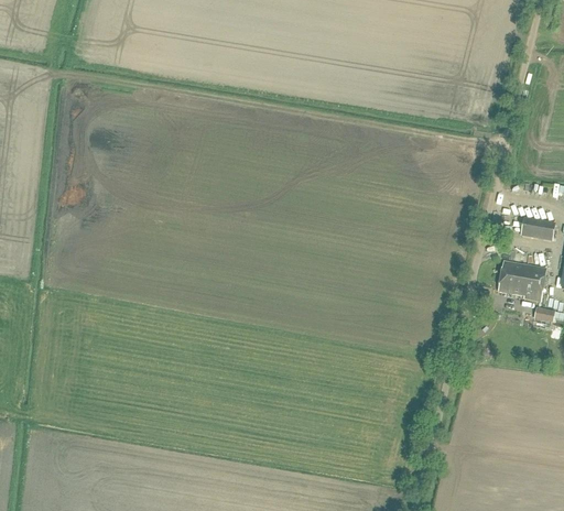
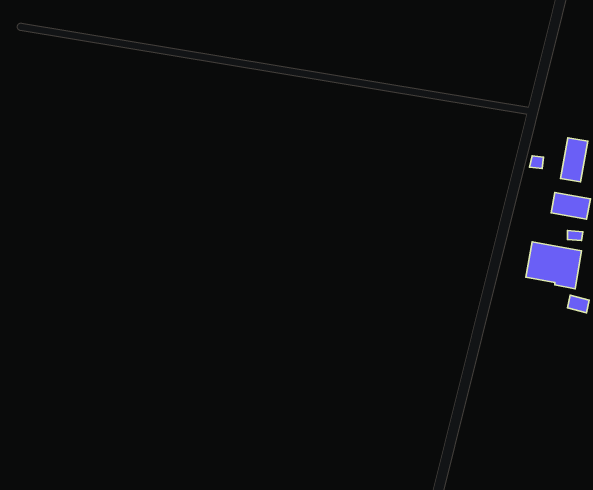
building: none -> [561,138,588,182]

